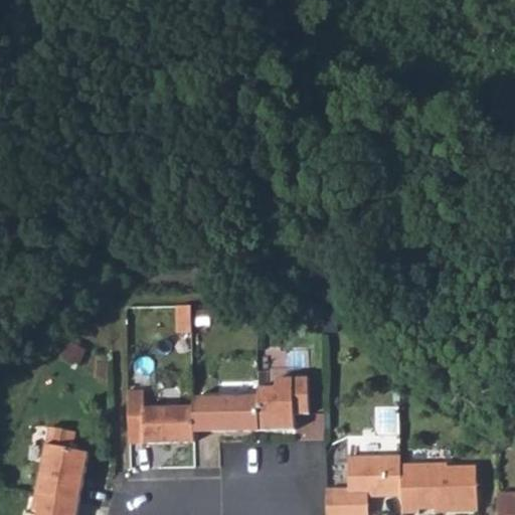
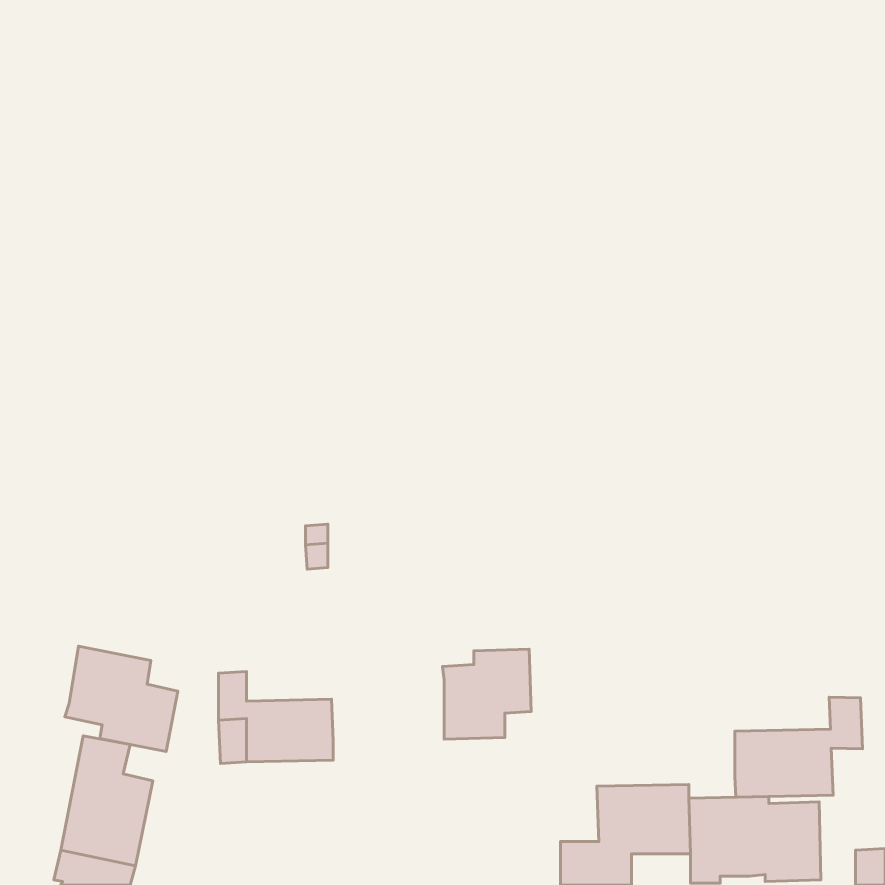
building: none -> [65,646,178,752]
building: [192,394,258,430] -> none
building: none -> [735,697,863,797]

